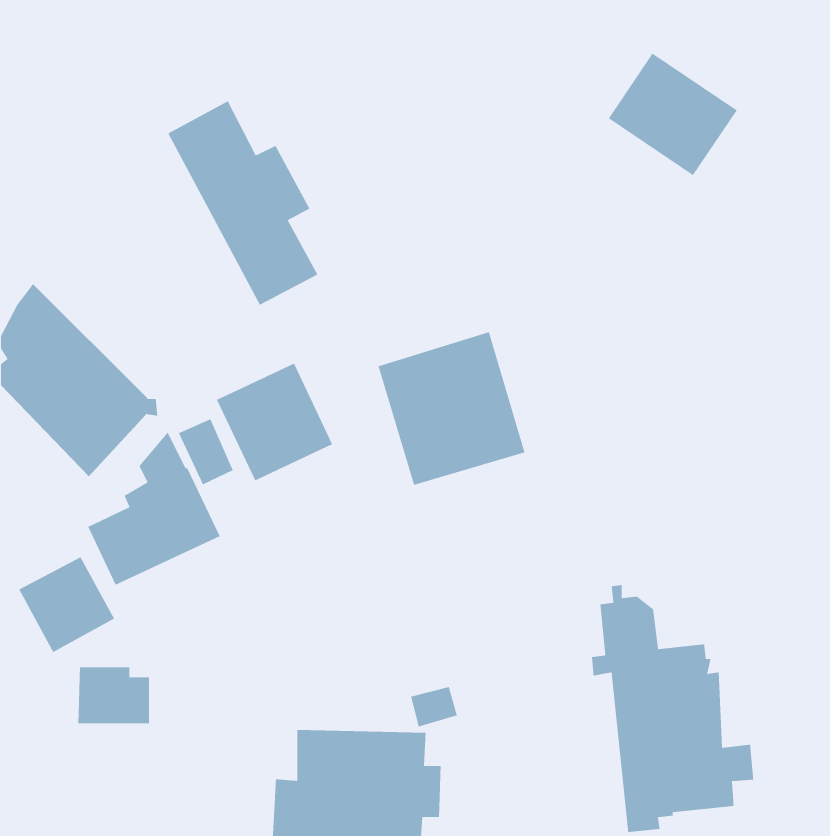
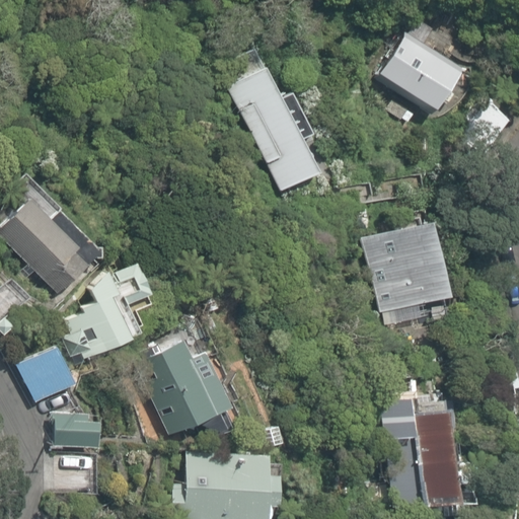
building: [167,100,319,306] -> [228,68,321,195]
building: [377,331,526,486] -> [358,223,449,318]
building: [216,363,333,481] -> none
building: none -> [137,338,233,436]

